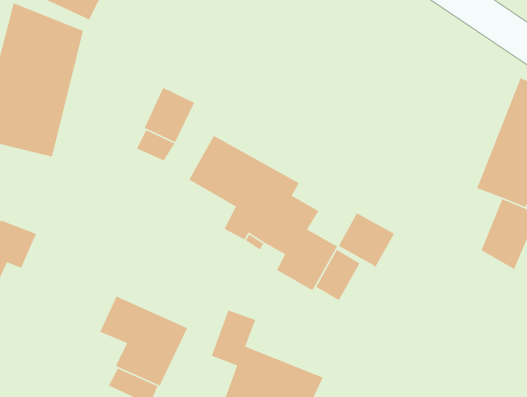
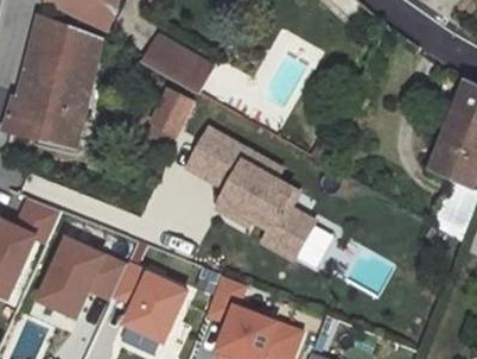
building: none -> [142,37,209,90]
building: [338,212,395,268] -> none
building: none -> [39,239,125,316]

